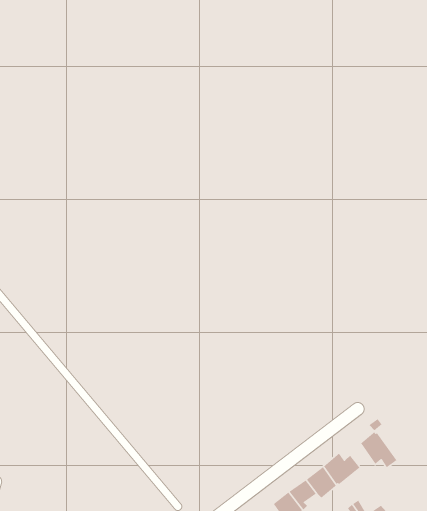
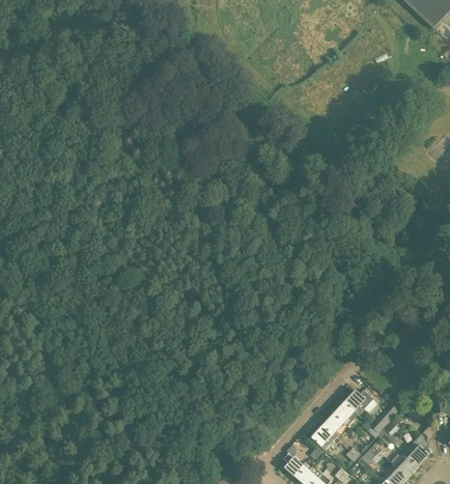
building: [360,431,398,468] -> none

